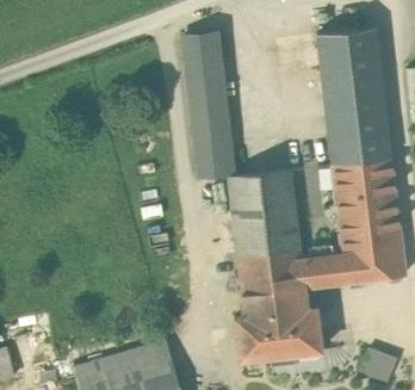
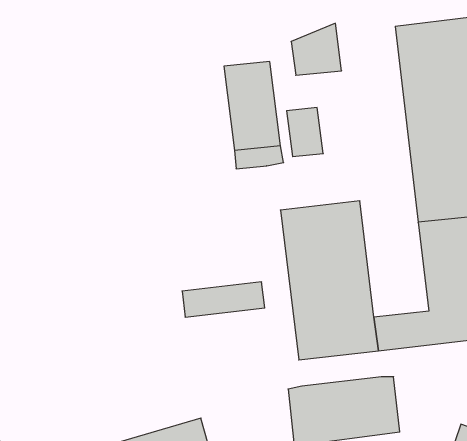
building: [180,26,219,67] -> [291,23,342,75]
building: [193,144,222,182] -> [287,108,323,157]
building: [242,289,306,316] -> [182,282,265,317]

